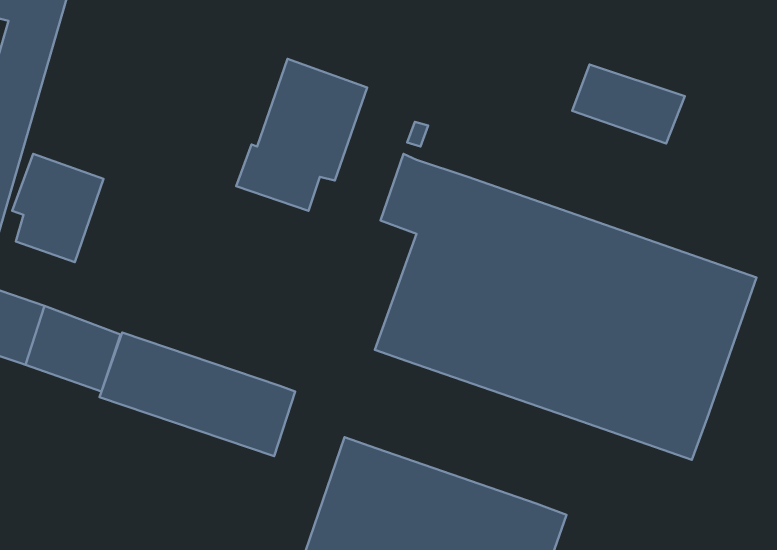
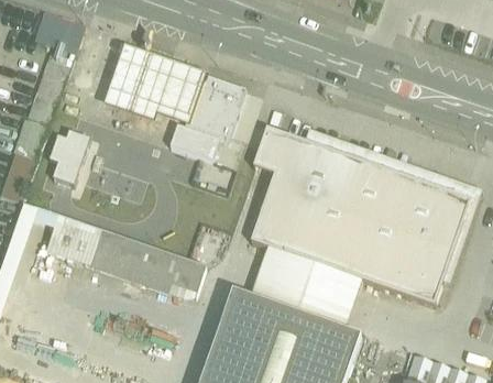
building: none -> [105,45,199,121]
building: [572,65,685,144] -> none
building: none -> [251,245,361,328]

